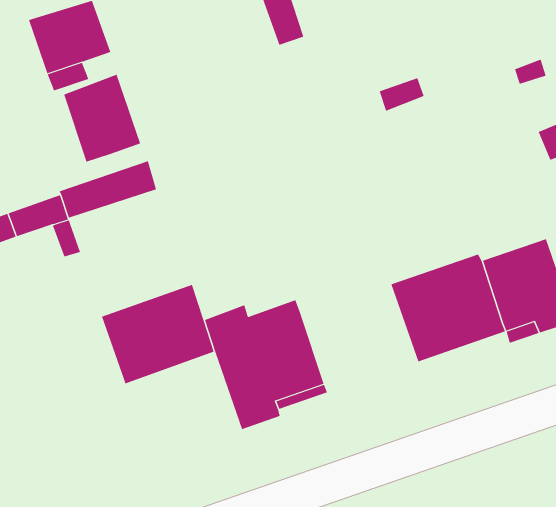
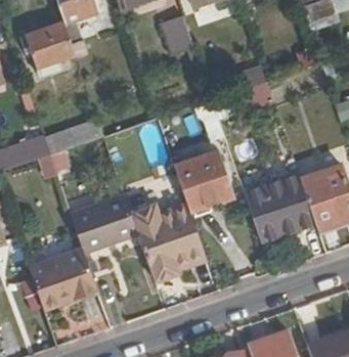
building: [64,74,141,162] -> none
building: none -> [174,151,231,211]
building: none -> [29,251,95,307]

